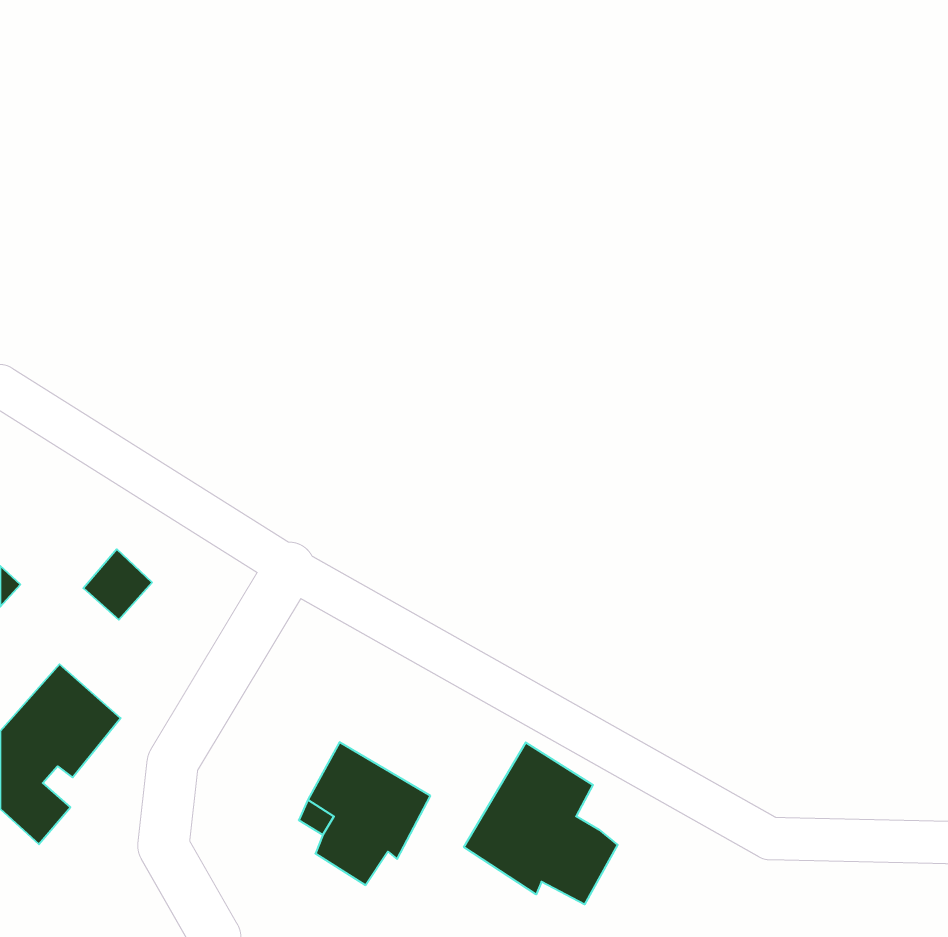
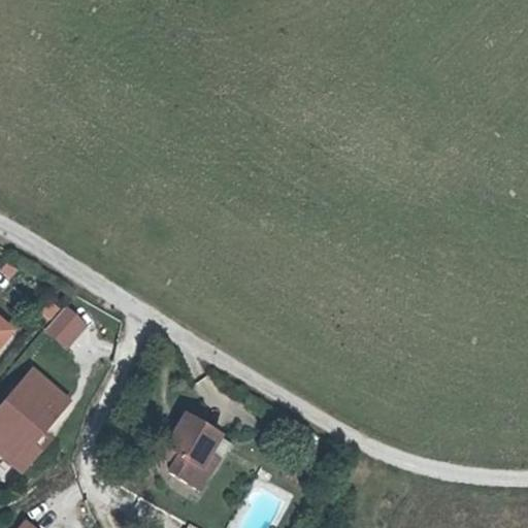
building: [464,742,618,904] -> none

